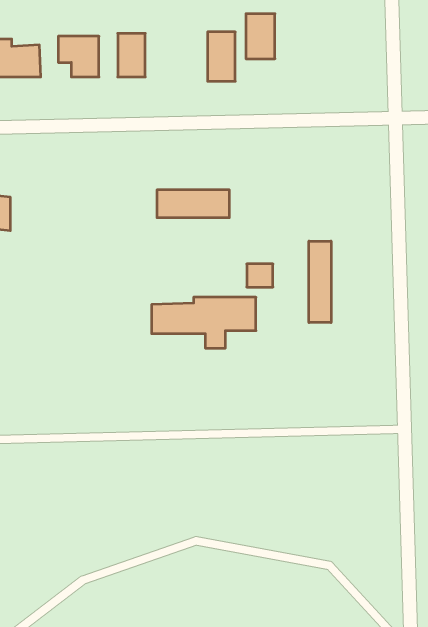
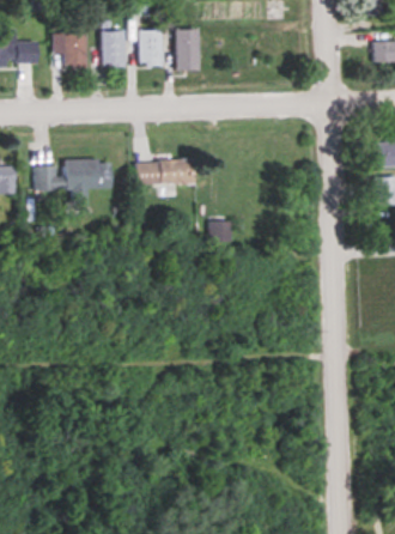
building: [246,14,275,59] -> [138,29,162,66]
building: [309,241,331,323] -> none
building: [152,297,256,348] -> [25,159,111,201]

